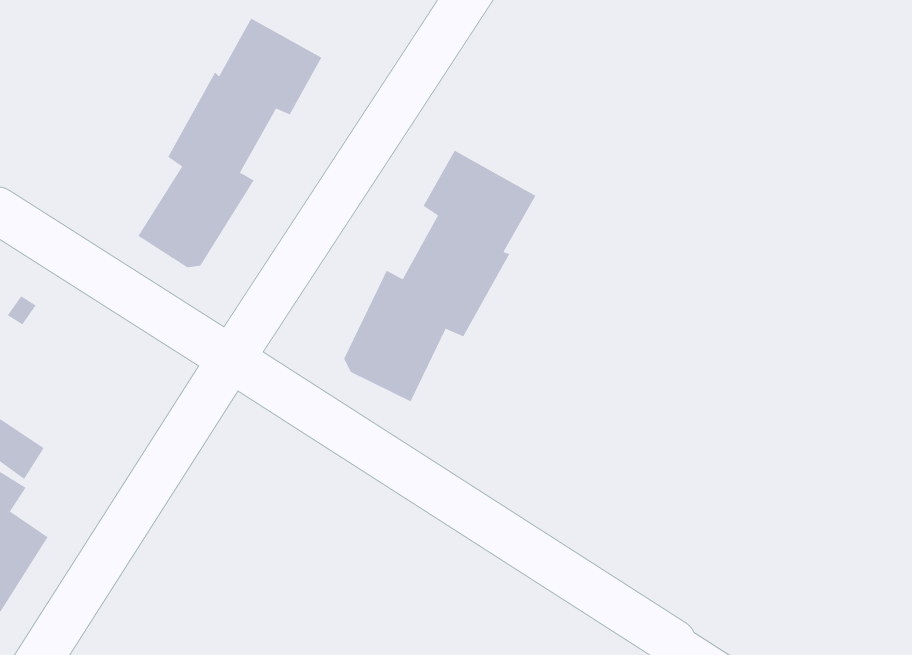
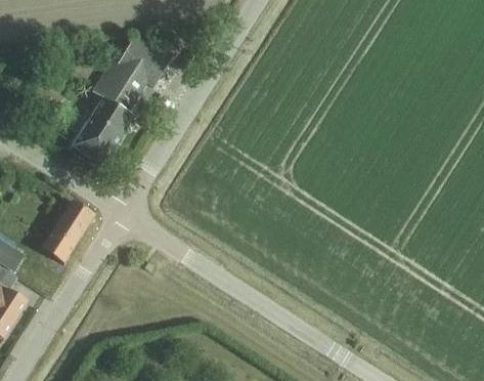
building: [343,150,536,402] -> none
building: none -> [39,200,93,263]

